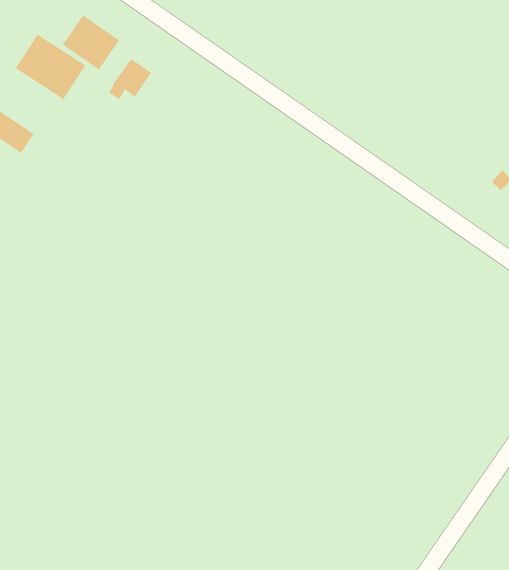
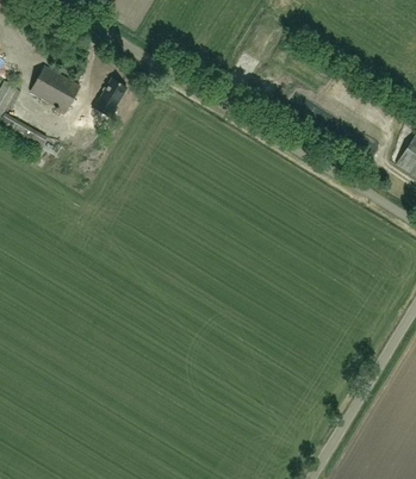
building: [62,15,120,70] -> none

